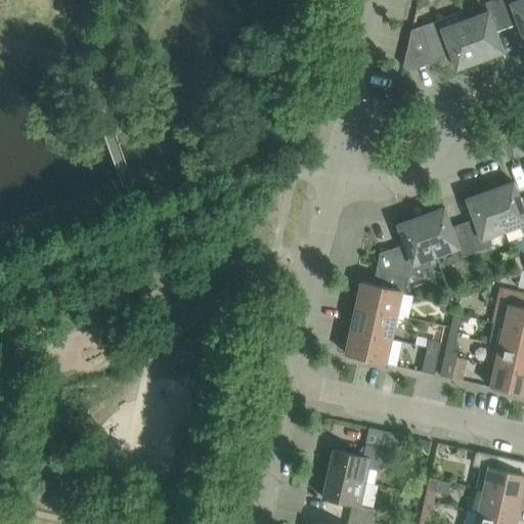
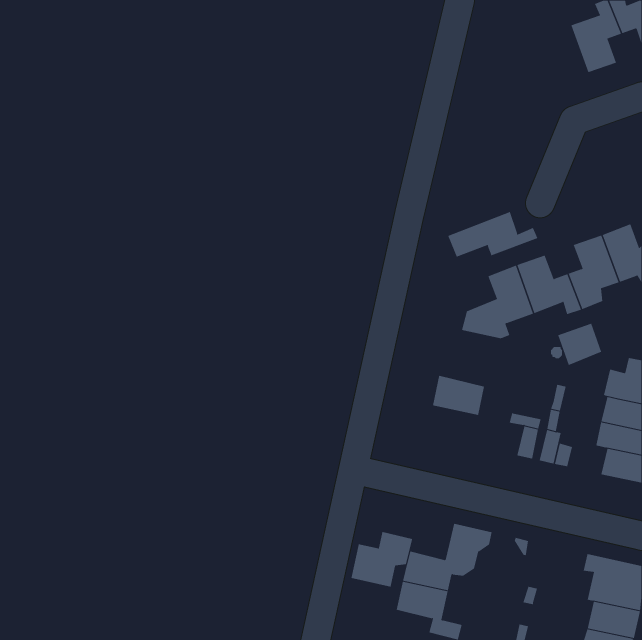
building: [402,12,479,72] -> none
building: none -> [448,211,538,257]
building: none -> [557,323,602,366]
building: [357,270,408,316] -> none
building: [346,332,390,364] -> none
building: none -> [351,531,413,588]

